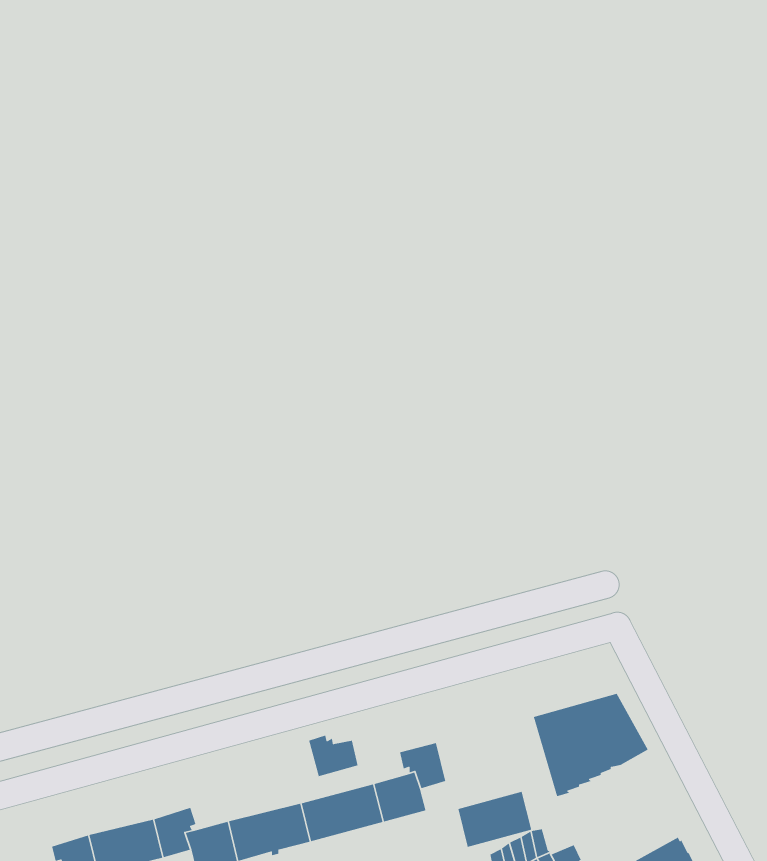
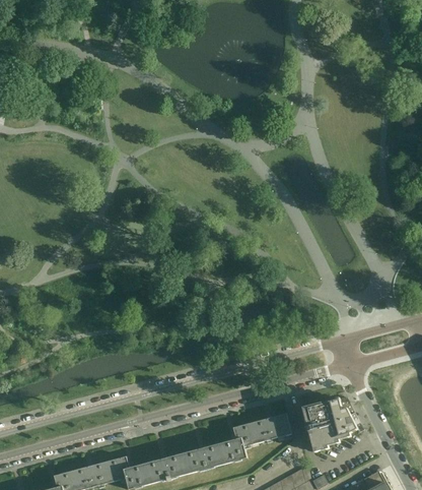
building: [308,734,358,777] -> none
building: [457,791,532,848] -> [251,413,289,442]

